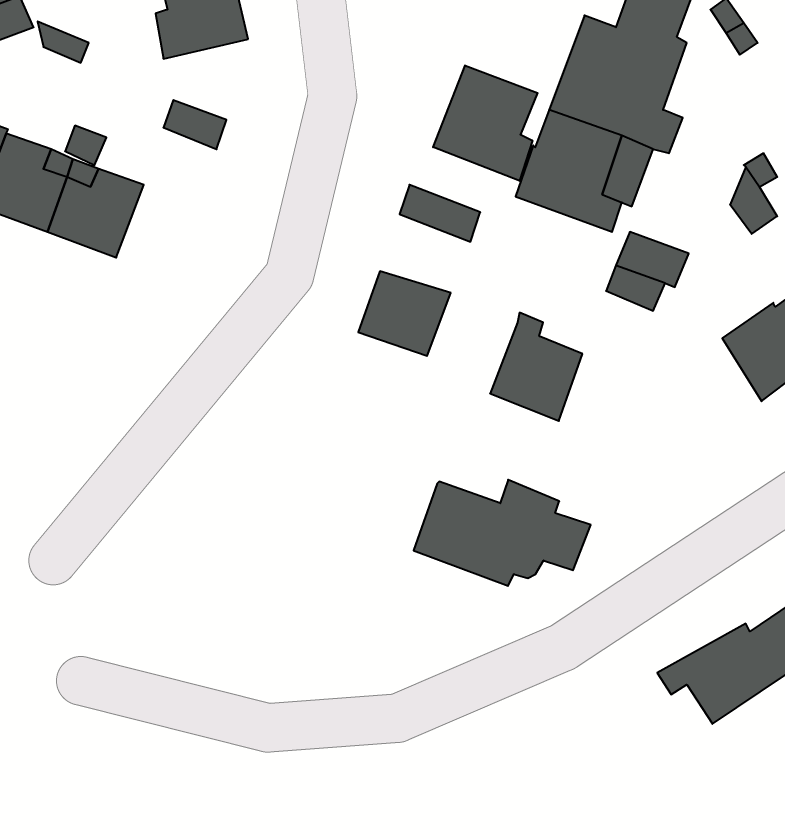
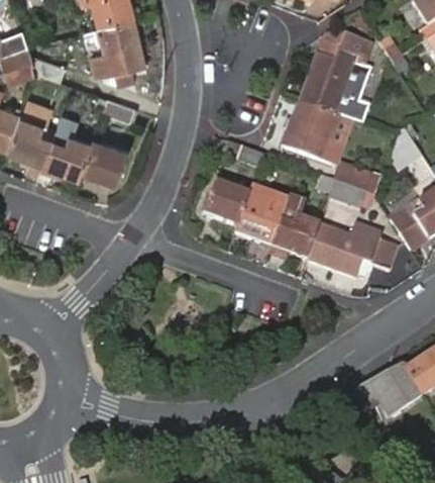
building: [433,65,538,181] -> none
building: none -> [81,136,127,182]
building: none -> [234,188,284,246]
building: [414,480,591,586] -> [305,223,396,278]

